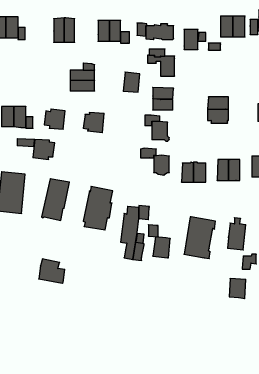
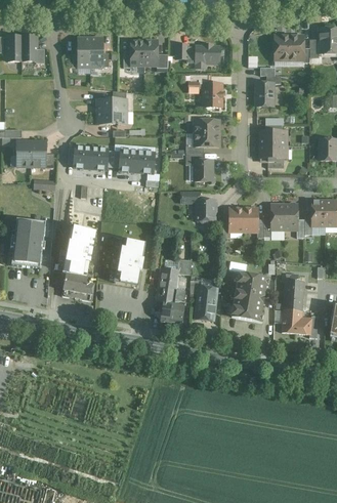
building: [184,29,198,49] -> [256,82,272,106]
building: [123,72,140,92] -> [135,150,155,173]
building: [33,139,55,159] -> [89,146,115,170]
building: [39,259,65,283] -> [62,271,93,300]
building: [229,279,246,299] -> [282,309,301,333]

